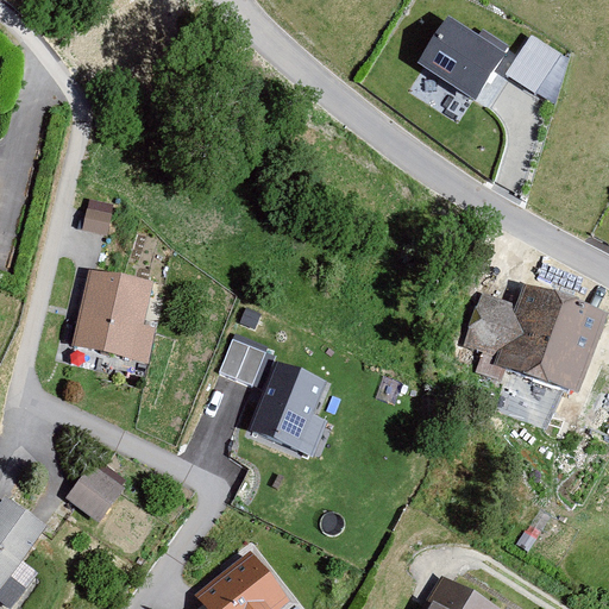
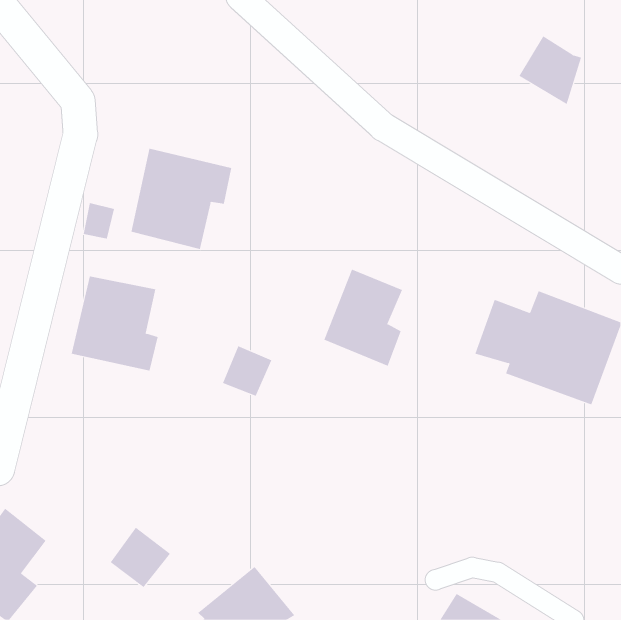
building: [416,15,508,100] -> none
building: none -> [131,148,232,250]
building: [250,362,327,457] -> [323,269,403,367]
building: [64,462,124,521] -> [110,527,171,588]

